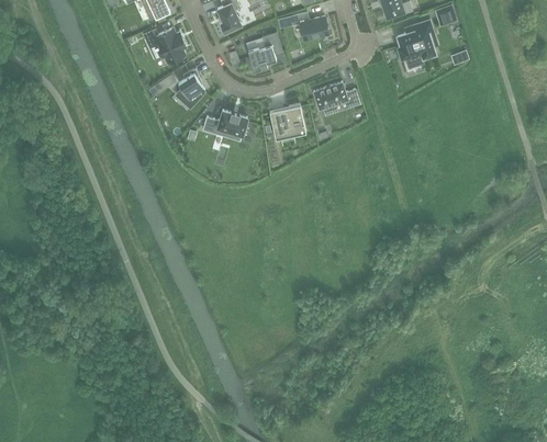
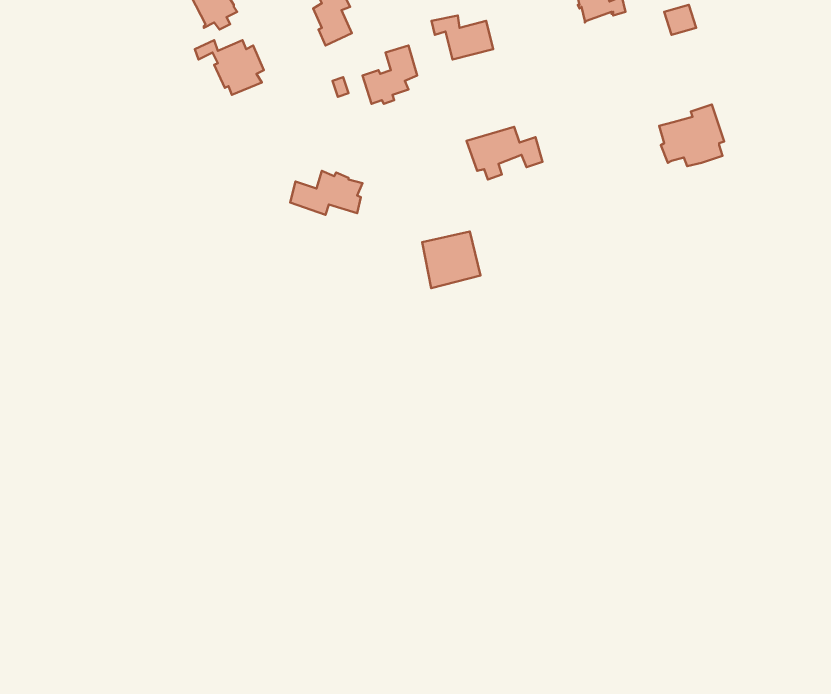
building: [395,22,436,60] -> [659,105,724,166]
building: [177,68,204,106] -> none
building: [269,104,305,139] -> [422,232,480,288]

